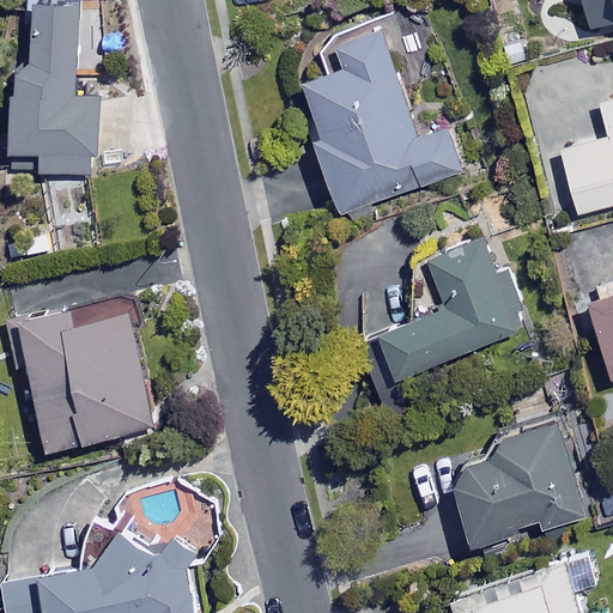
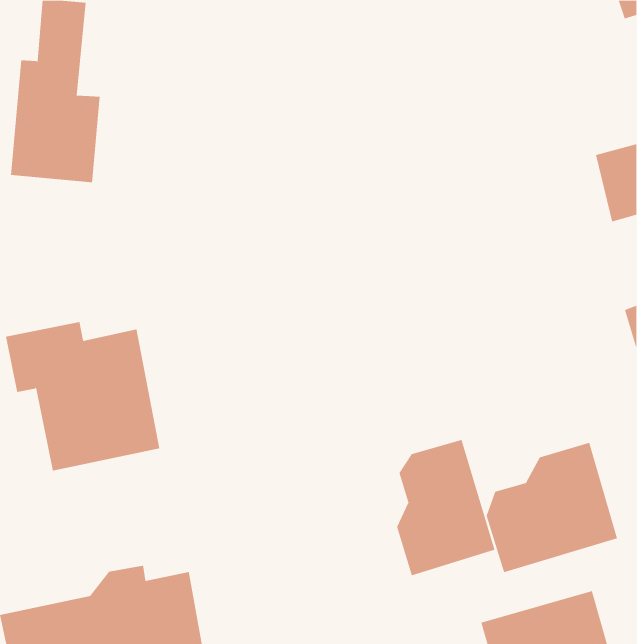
building: [306,25,454,211] -> none
building: [381,237,526,377] -> none
building: none -> [397,439,495,576]

